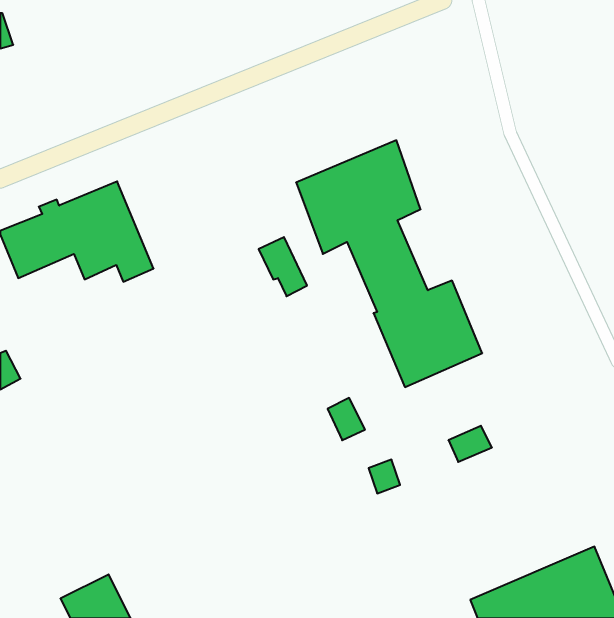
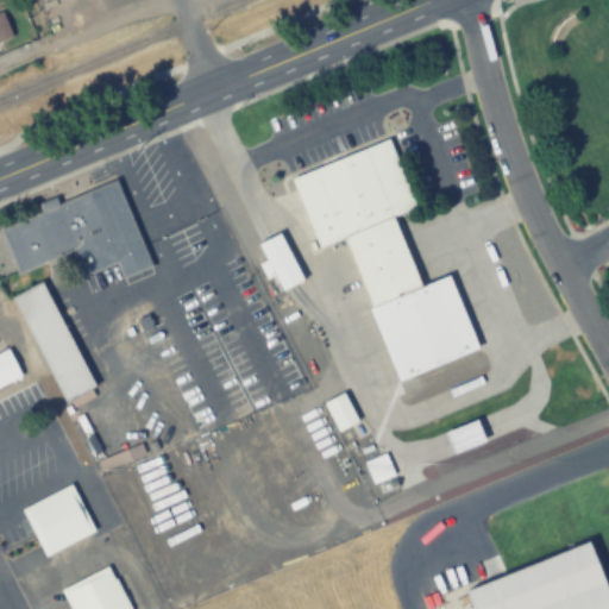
building: none -> [21,282,96,401]
building: none -> [23,484,95,554]

